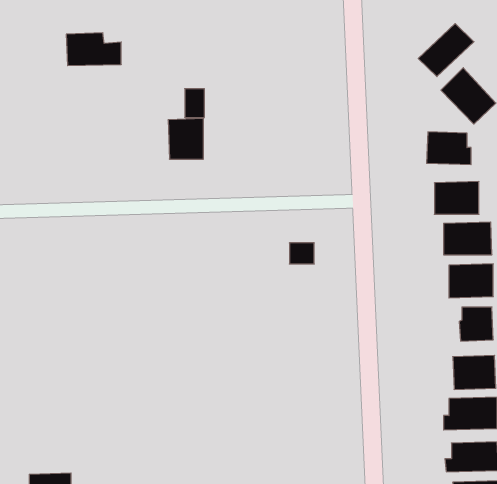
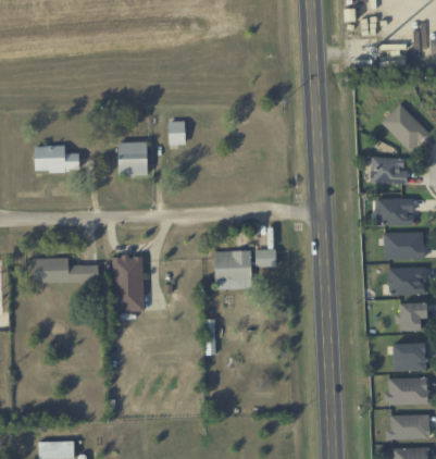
building: [418,24,474,77] -> none
building: [66,33,121,66] -> [34,145,79,172]
building: [168,119,203,159] -> [117,141,147,175]
building: none -> [214,250,251,289]
building: none -> [112,256,144,312]
building: none -> [33,258,98,282]

